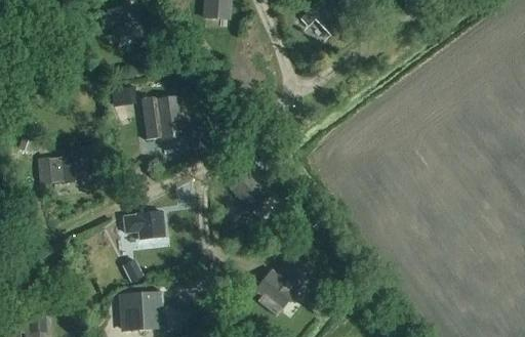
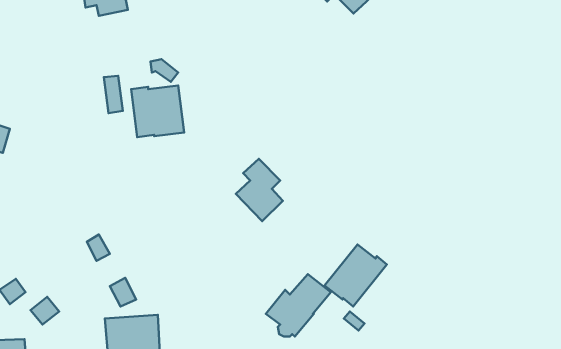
building: [38,155,87,182] -> none
building: [123,211,165,239] -> none
building: none -> [325,244,387,307]

